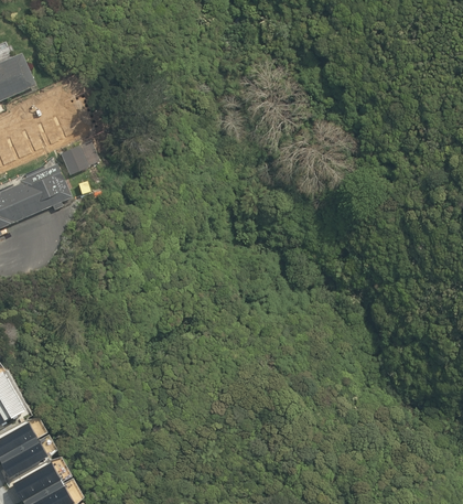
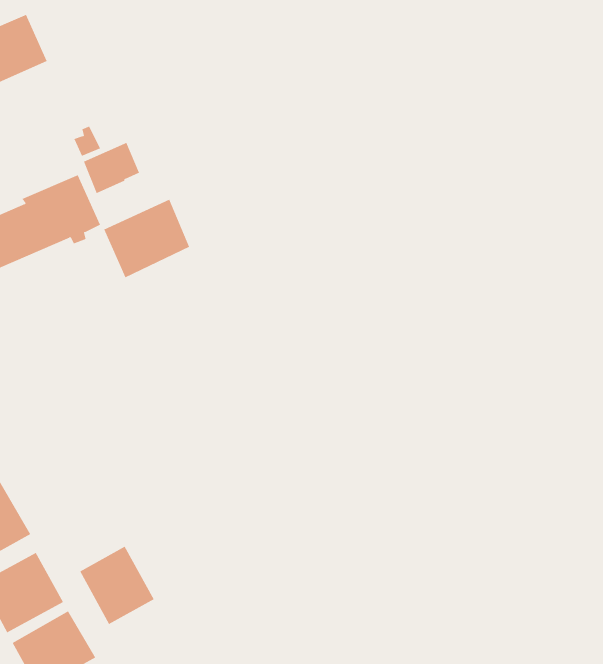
building: none -> [103,199,190,278]
building: none -> [79,546,155,625]

